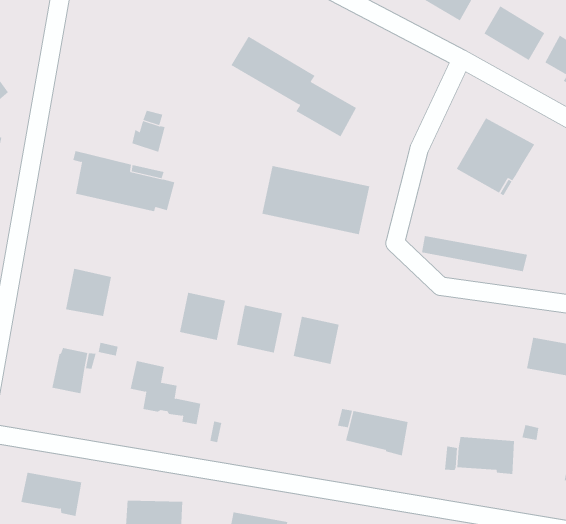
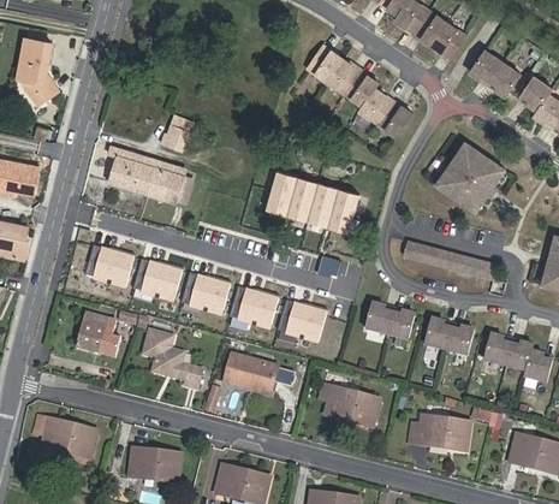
building: [231,36,357,137] -> [305,43,411,136]
building: none -> [139,260,182,303]
building: none -> [365,302,414,339]
building: none -> [424,318,474,355]
building: none -> [222,351,278,391]

